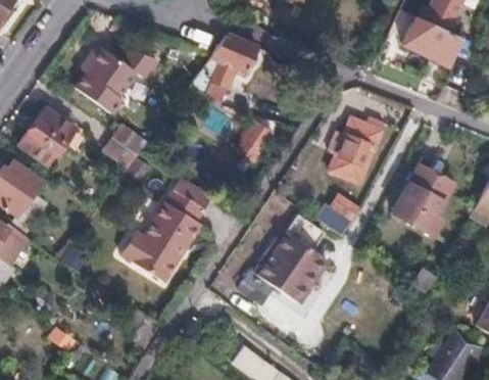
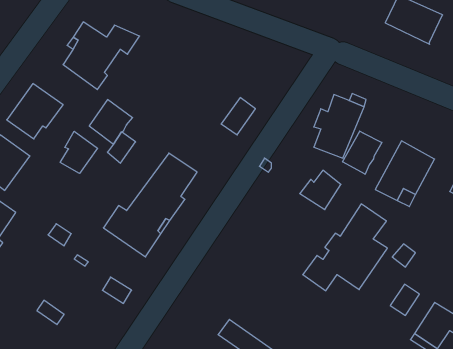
building: [188,35,257,99] -> none
building: none -> [343,131,382,174]
building: none -> [60,131,98,173]
building: [240,218,326,305] -> [303,204,387,291]

